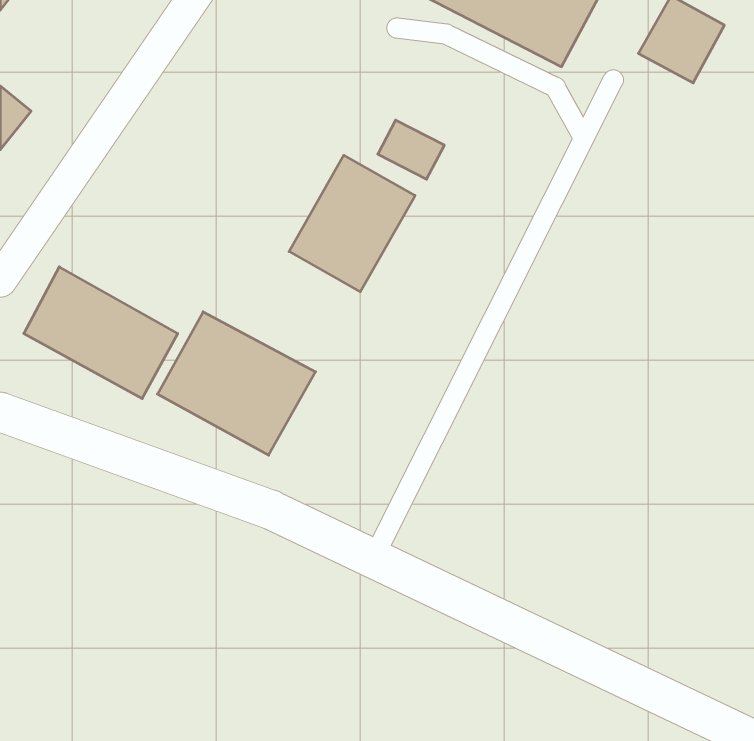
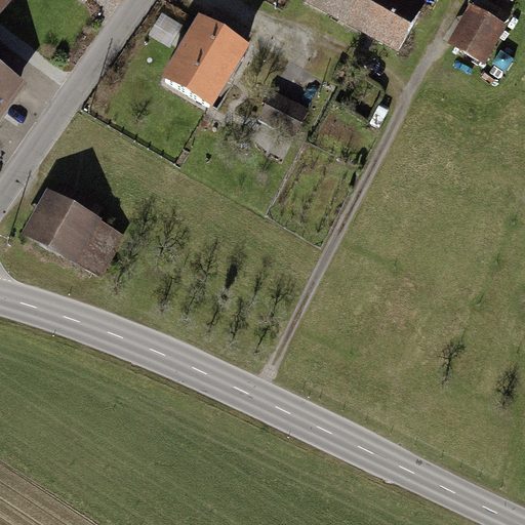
building: [289,155,415,292] -> [166,12,253,107]
building: [157,312,316,455] -> none

